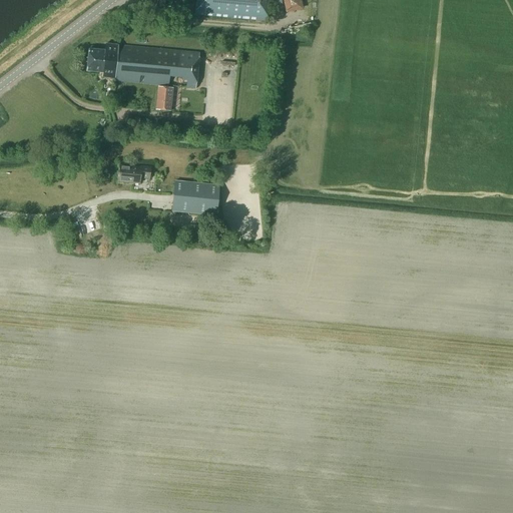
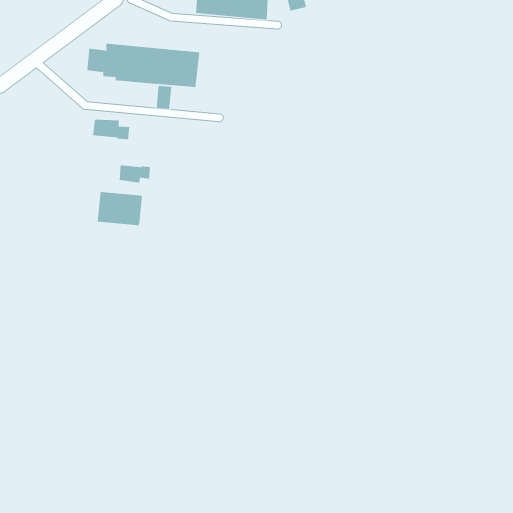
building: none -> [92,119,130,140]
building: [173,180,219,214] -> [97,192,143,226]

